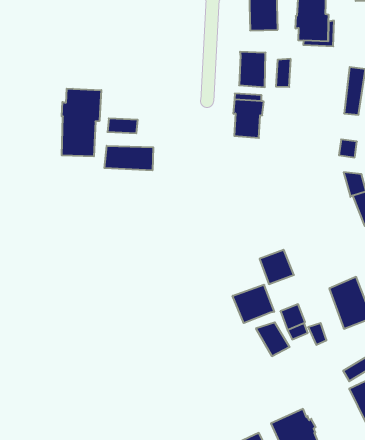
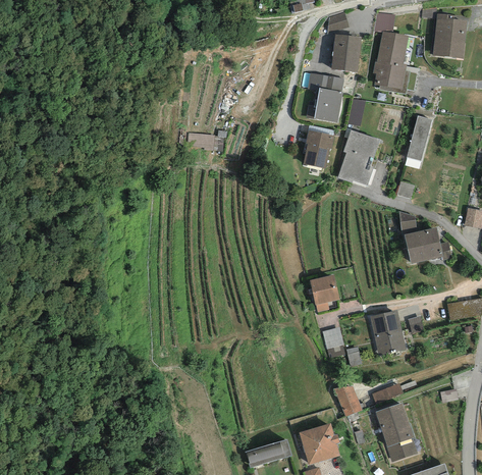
building: none -> [308,72,343,91]
building: [62,89,101,156] -> none
building: none -> [337,129,379,184]
building: [104,146,153,170] -> none
building: [233,285,274,323] -> none
building: [256,322,290,356] -> [333,385,362,416]

